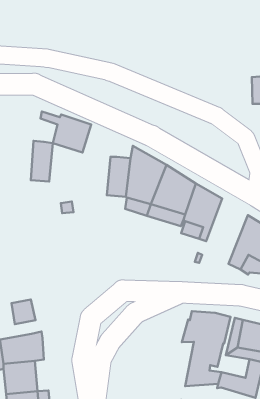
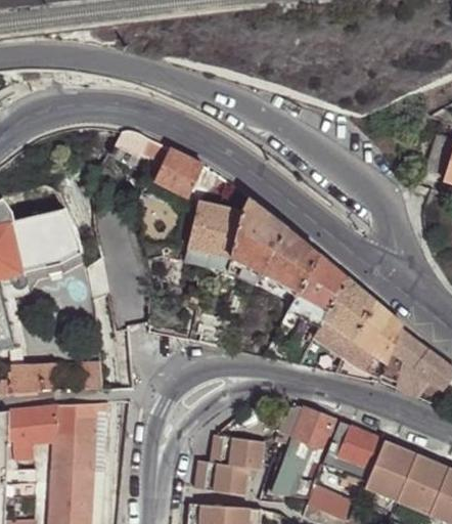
building: [31,141,53,182] -> [188,202,221,253]
building: none -> [315,277,374,356]
building: none -> [194,436,265,496]

